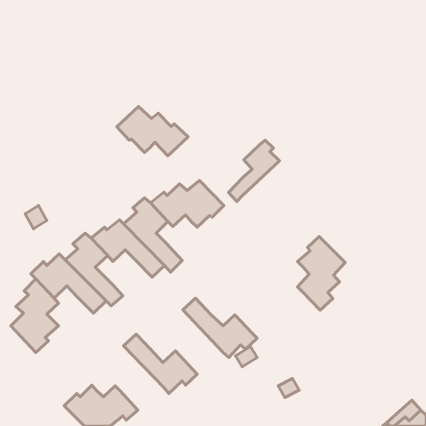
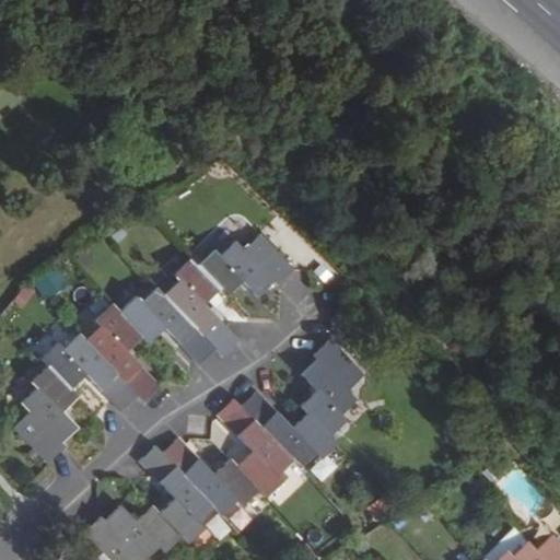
building: [117,107,188,156] -> none
building: [228,140,280,202] -> none
building: [298,237,345,310] -> [301,340,363,436]
building: none -> [218,399,292,495]
building: none -> [140,446,214,542]

